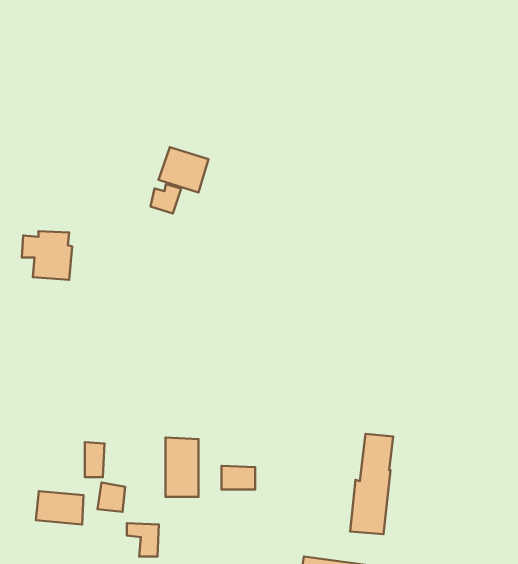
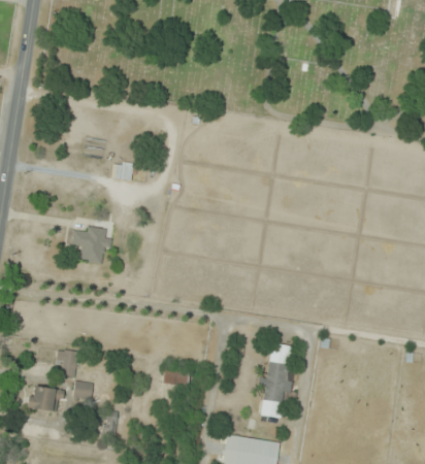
building: [159,147,209,192] -> none
building: [22,231,72,280] -> [72,228,109,264]
building: [166,438,199,497] -> none

